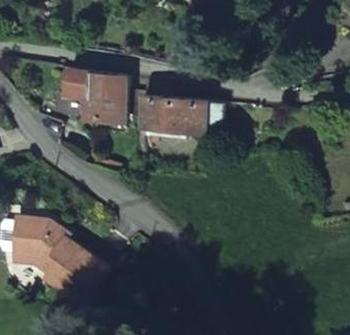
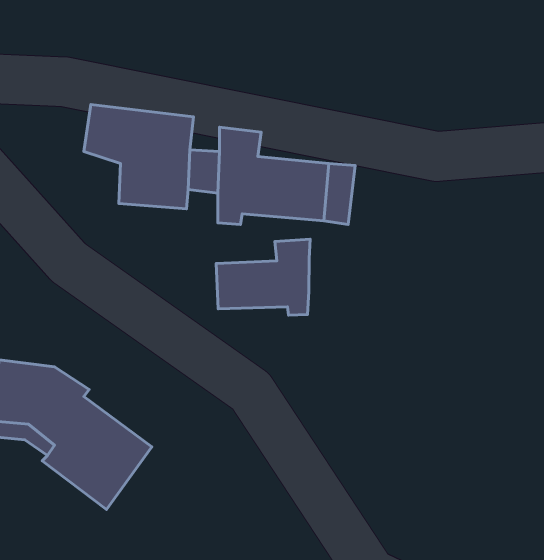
building: none -> [216,239,310,315]

